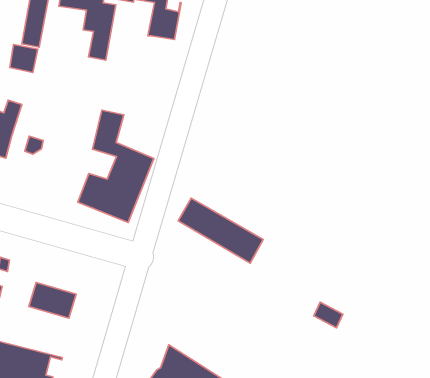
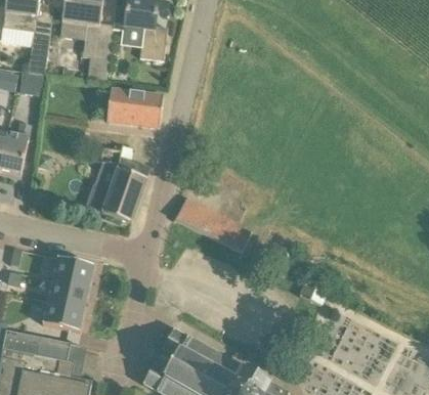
building: none -> [104,85,166,128]
building: none -> [53,258,93,288]
building: none -> [43,301,84,331]

